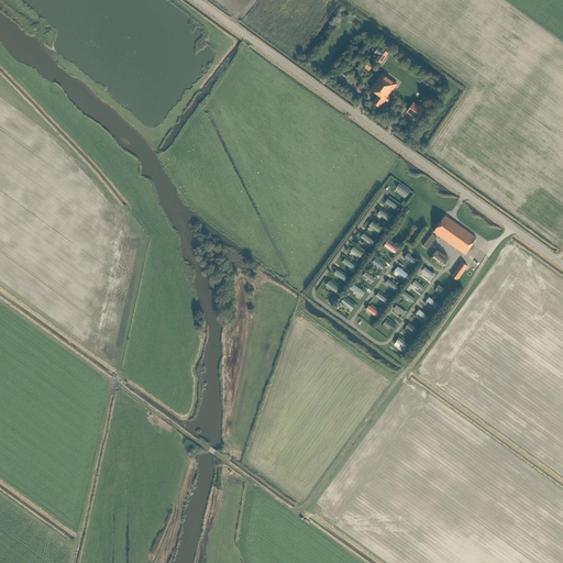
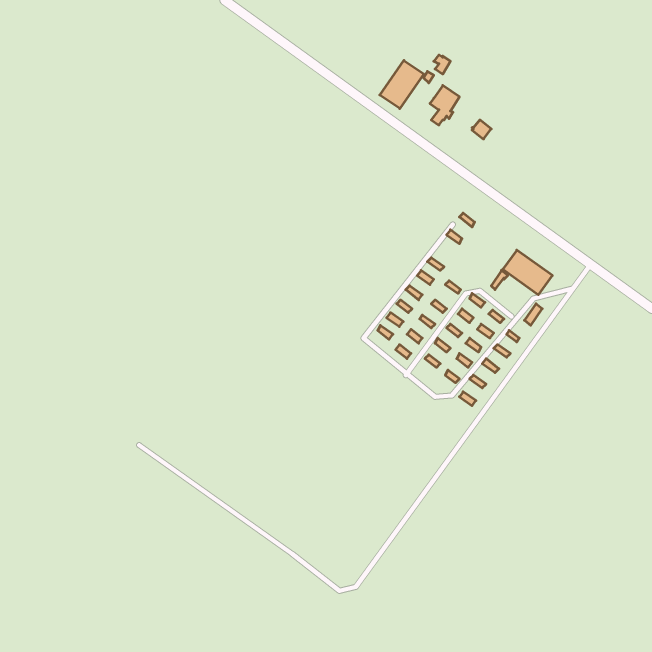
building: none -> [380,60,424,109]

